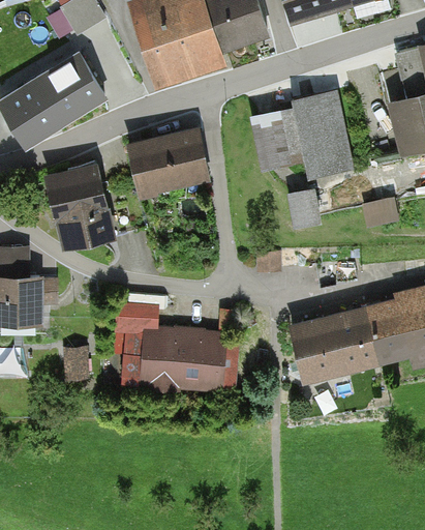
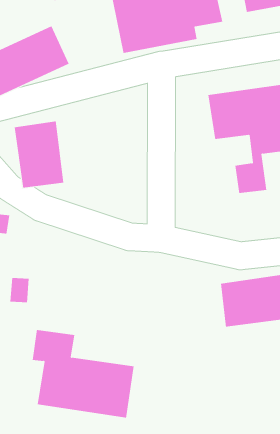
building: [136,124,212,195] -> none
building: [109,301,225,390] -> [32,330,135,418]

